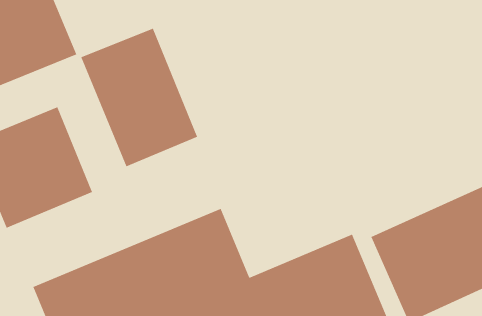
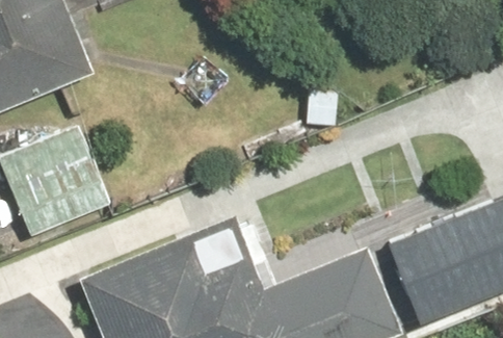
building: [81,28,198,167] -> none

